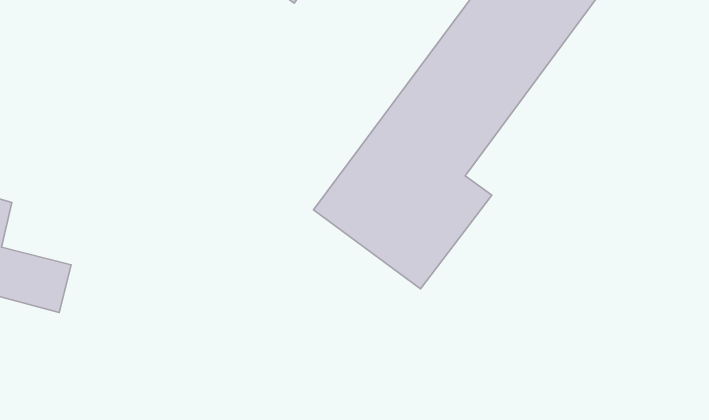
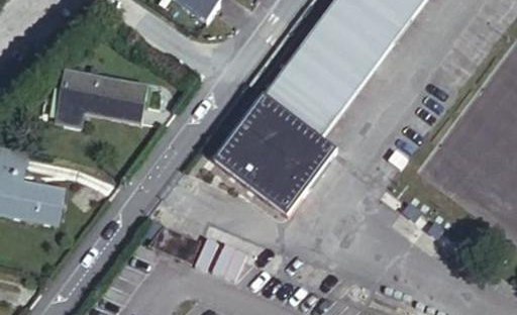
building: none -> [56,71,144,127]

